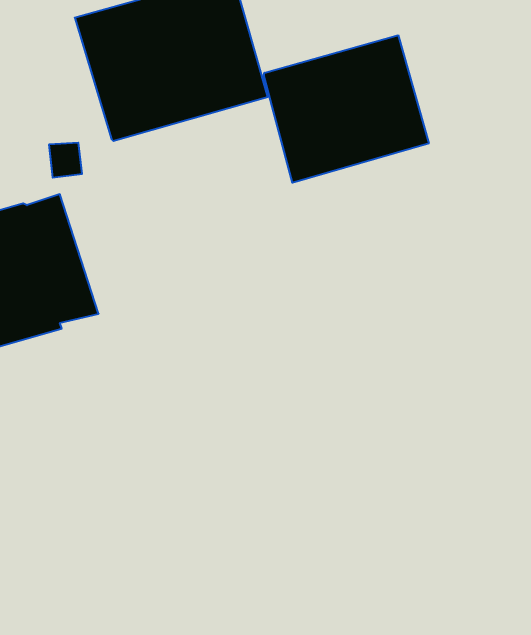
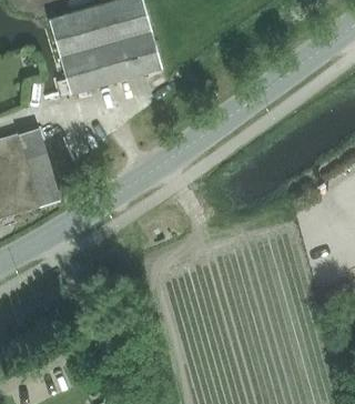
building: [264,35,429,183] -> none

